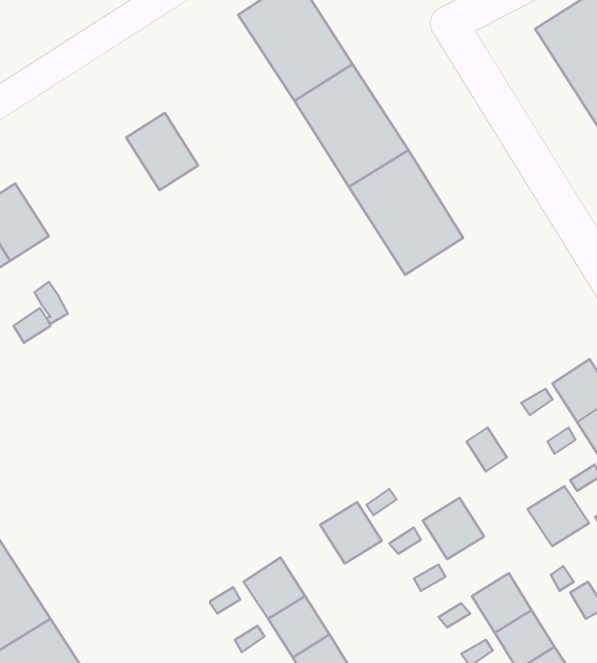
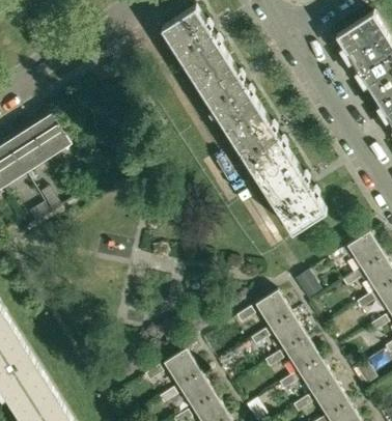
building: [126,113,198,190] -> [29,114,72,160]
building: none -> [259,161,327,233]
building: [528,486,589,546] -> [284,337,320,372]
building: [320,502,382,564] -> [255,291,291,328]

